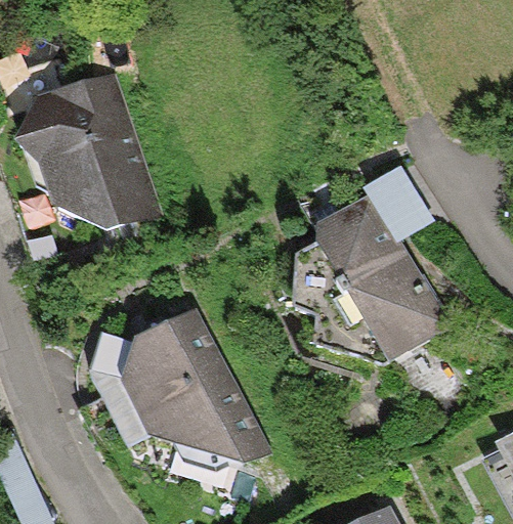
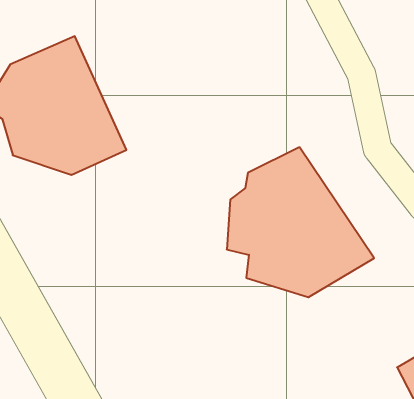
building: [91,312,271,461] -> none

